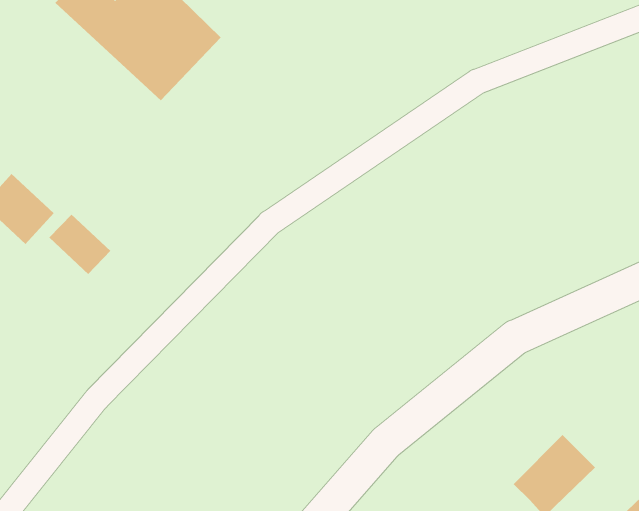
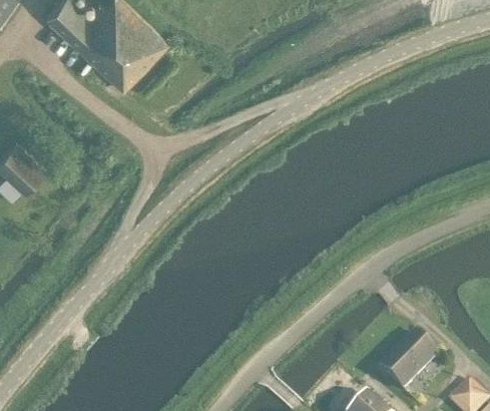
building: [48,214,111,275] -> none

